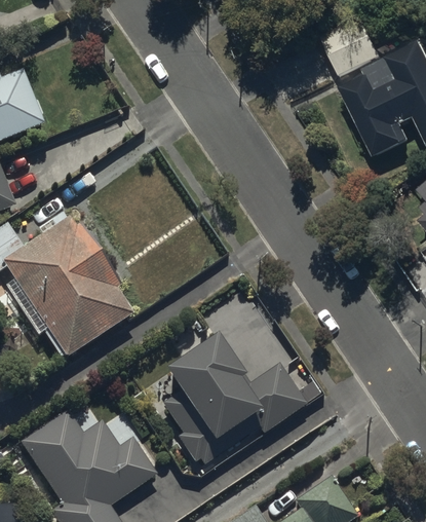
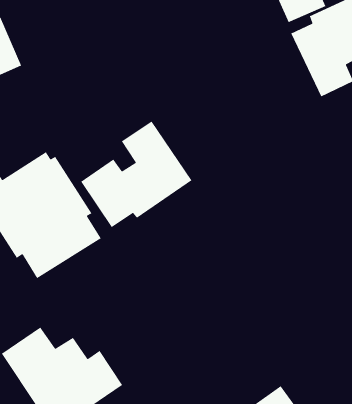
building: none -> [80,120,193,228]
building: [159,332,308,463] -> none

